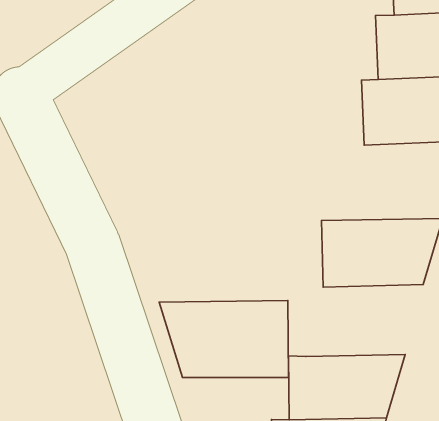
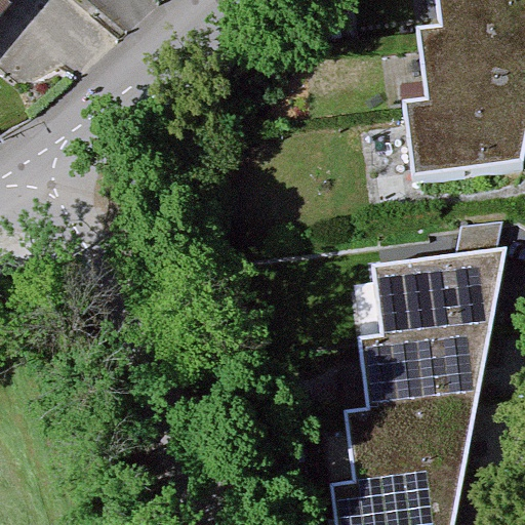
building: none -> [361,325,492,414]
building: [159,300,289,378] -> none

